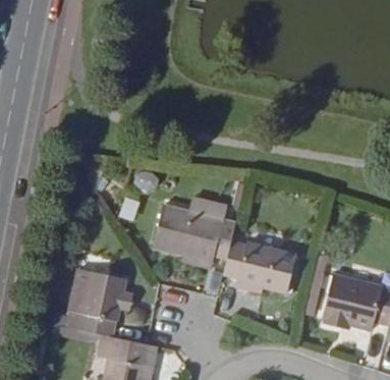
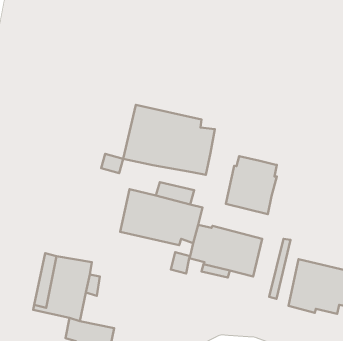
building: none -> [123,105,215,175]
building: none -> [226,156,277,214]

